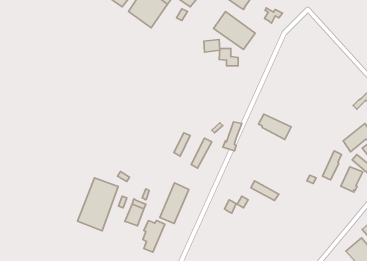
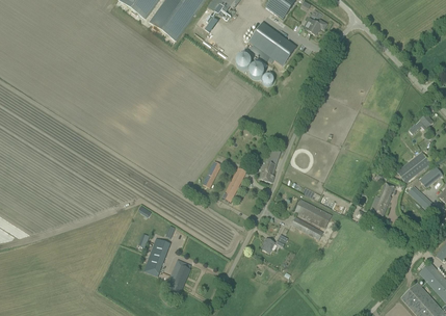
building: [258,114,291,139] -> [293,200,331,229]
building: [341,167,363,192] -> none
building: [78,178,118,231] -> none
building: [160,183,189,223] -> none

